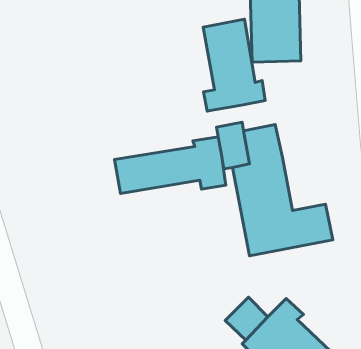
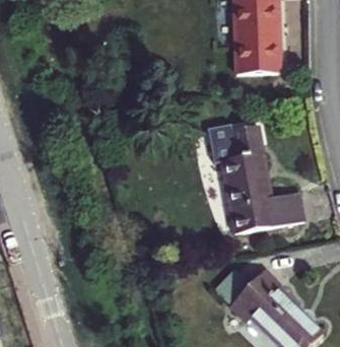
building: [203,19,265,111] -> none
building: [114,137,226,193] -> none

